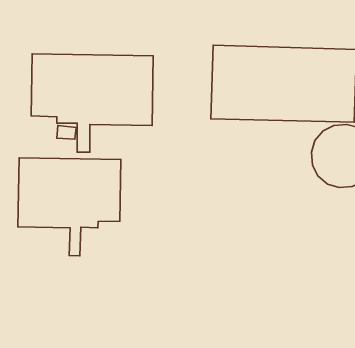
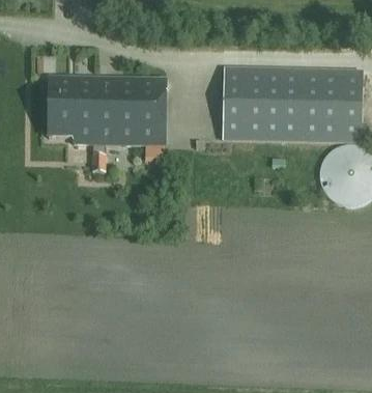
building: [18,158,121,256] -> none

